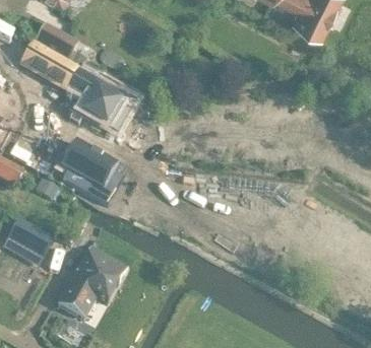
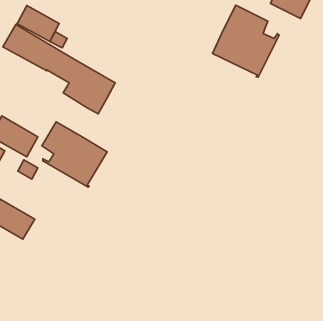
building: none -> [212,5,279,77]
building: [57,247,127,320] -> none

